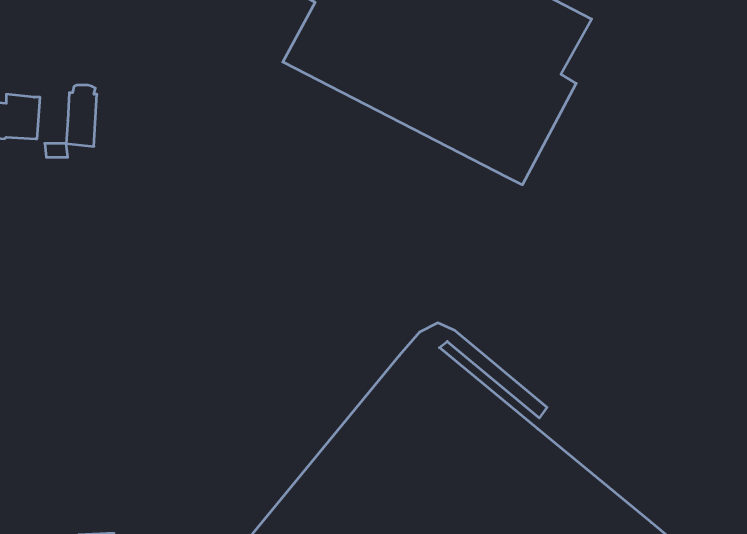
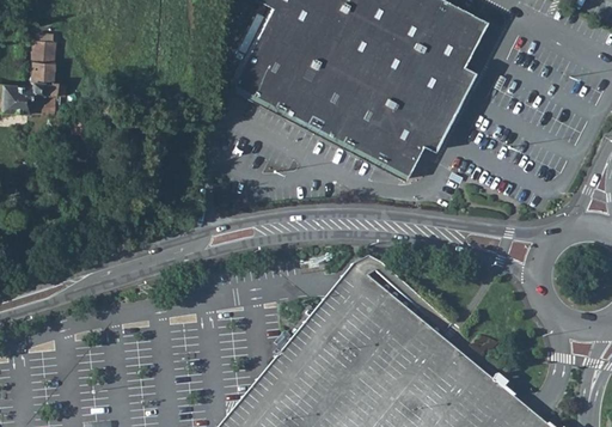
building: none -> [231,54,423,179]
building: [66,85,97,146] -> [33,33,57,81]

